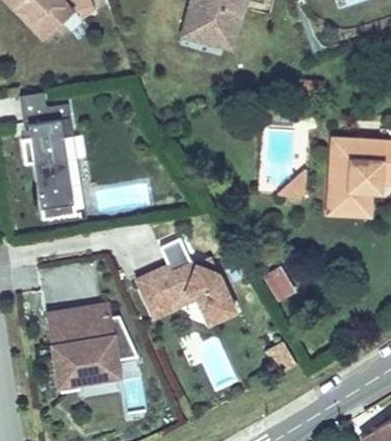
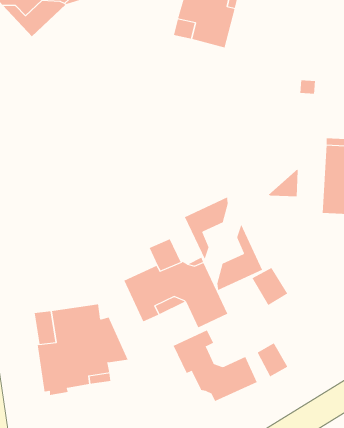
building: [19,92,75,219] -> none
building: none -> [184,197,228,260]
building: none -> [217,224,263,291]
building: none -> [173,330,258,402]

